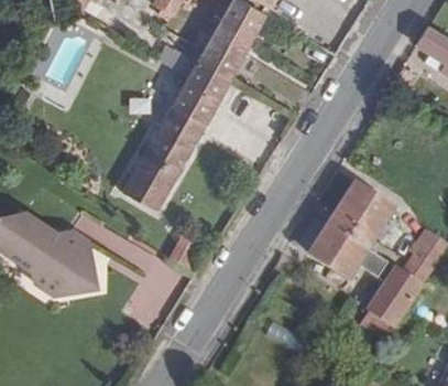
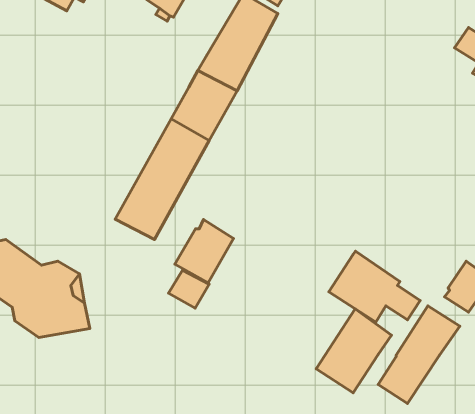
building: [330,182,394,246] -> none
building: none -> [175,220,233,283]
building: none -> [316,309,391,393]

